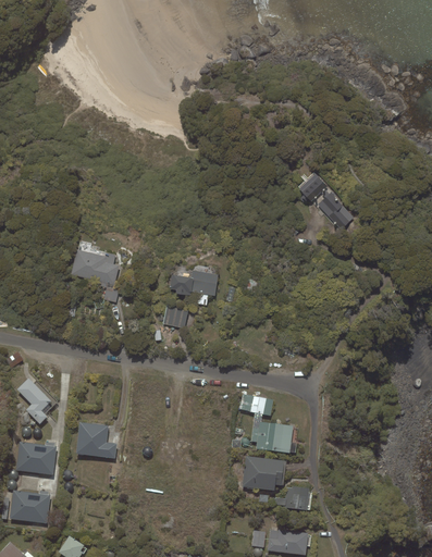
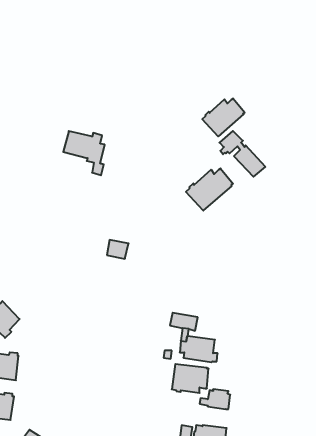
building: none -> [202,98,245,136]
building: none -> [186,168,233,211]
building: [69,249,119,302] -> [63,131,105,175]
building: [169,270,218,306] -> none
building: [75,422,116,458] -> none

